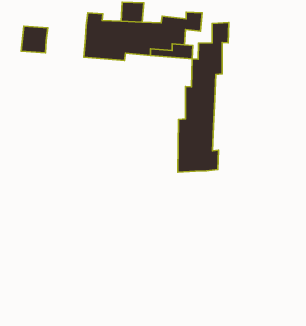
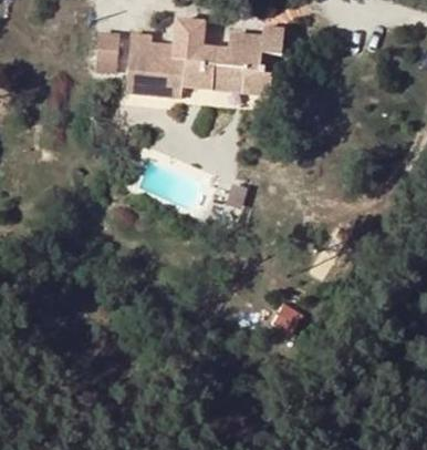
building: [178,23,229,172] -> none
building: [21,26,48,53] -> [96,30,132,65]

